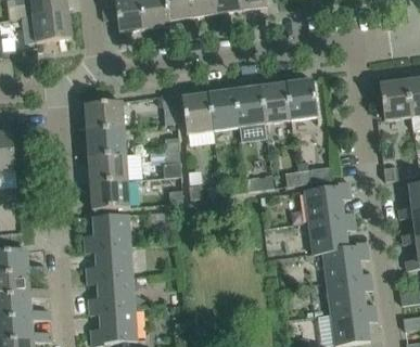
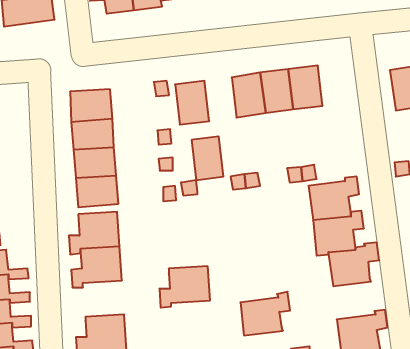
building: [208,90,238,130] -> [192,136,223,180]
building: [327,272,372,312] -> [240,292,290,335]
building: [88,277,135,314] -> [159,266,210,308]

